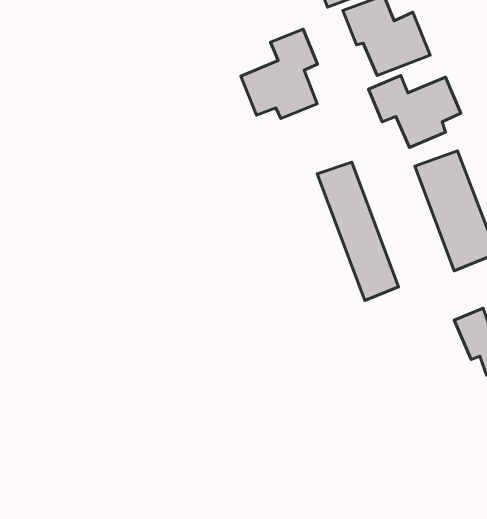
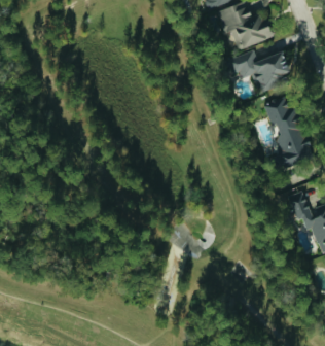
building: [241,29,317,118] -> none
building: [317,162,399,300] -> none

